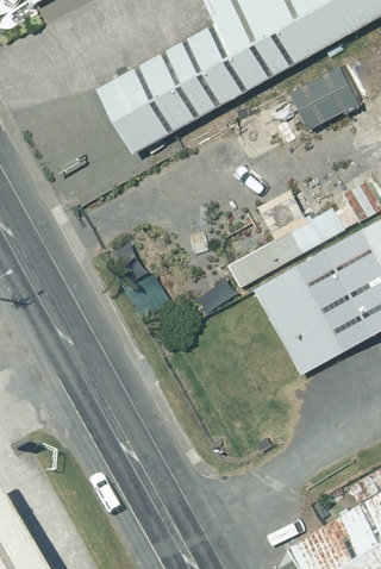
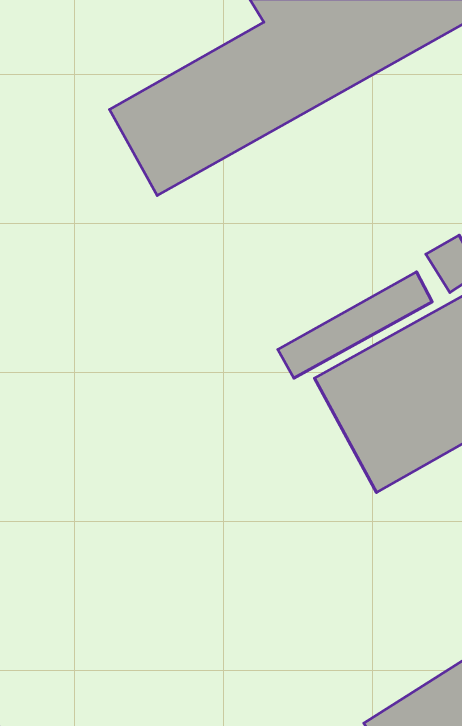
building: [299,63,367,125] -> none

